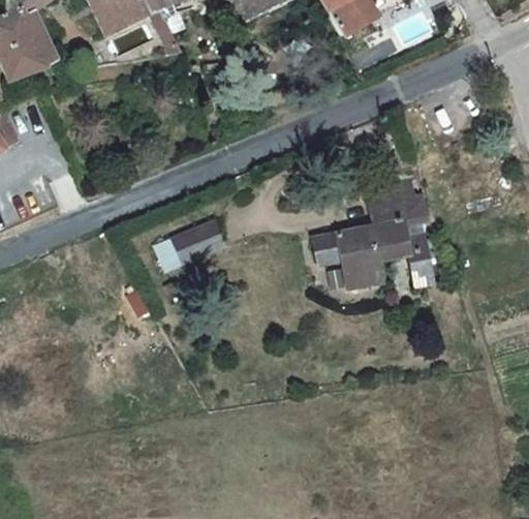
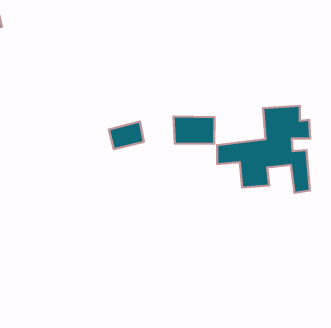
building: none -> [174,116,215,144]

